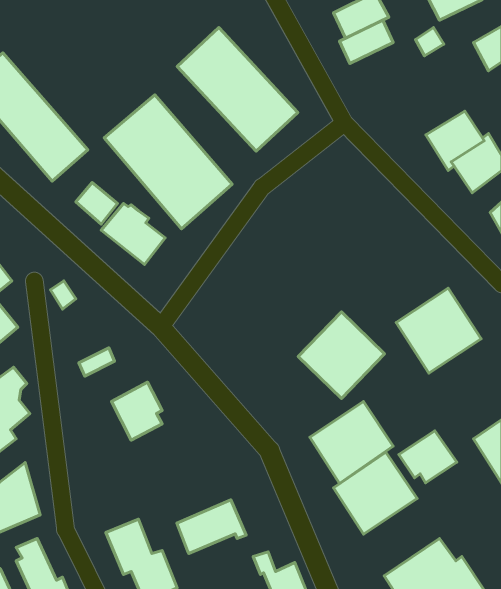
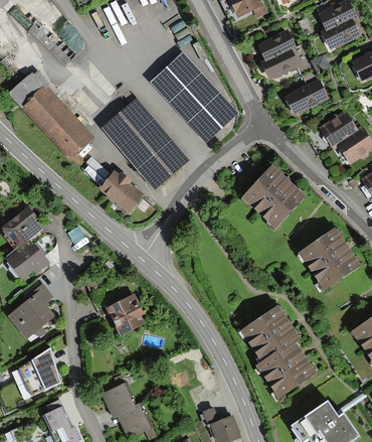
building: none -> [285,80,327,113]
building: [298,312,385,398] -> [243,166,302,225]
building: [399,431,457,483] -> none
building: [177,500,246,553] -> none

